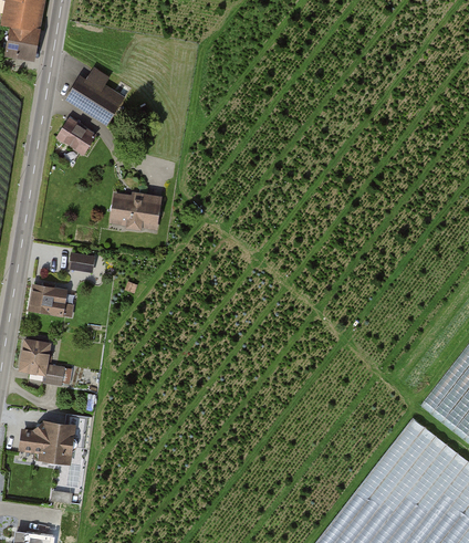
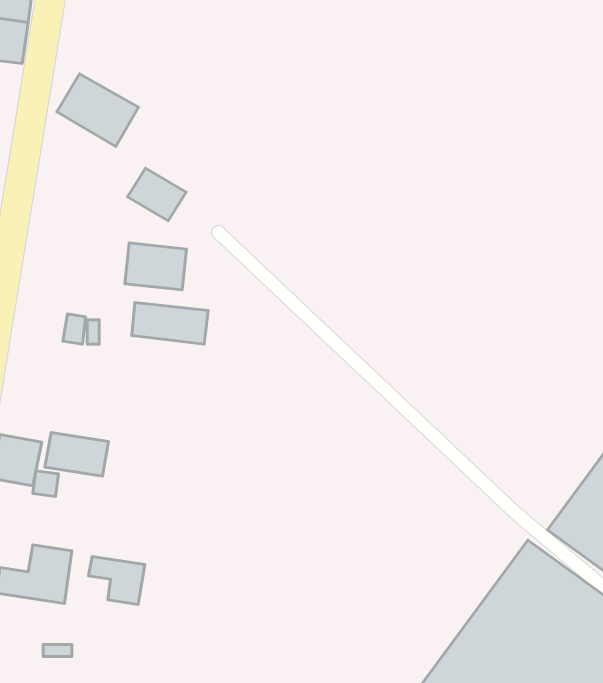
building: [56,117,100,156] -> [127,168,186,221]
building: none -> [132,303,208,344]
building: [28,285,74,317] -> [45,432,108,476]
building: none -> [88,556,145,604]

